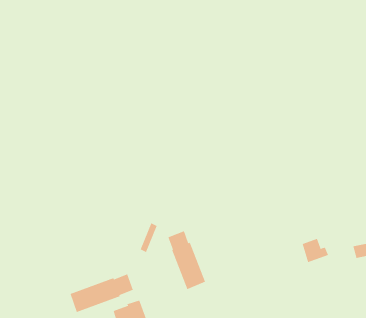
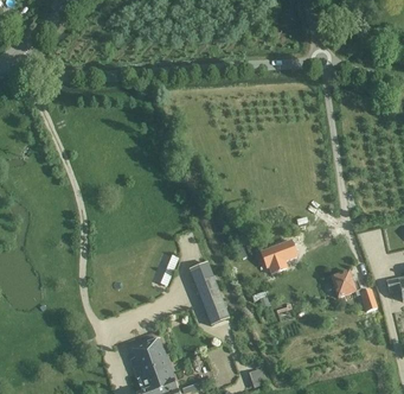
building: none -> [264,239,300,271]
building: [70,274,133,313] -> none

